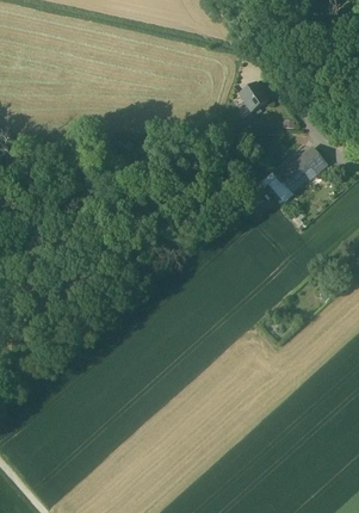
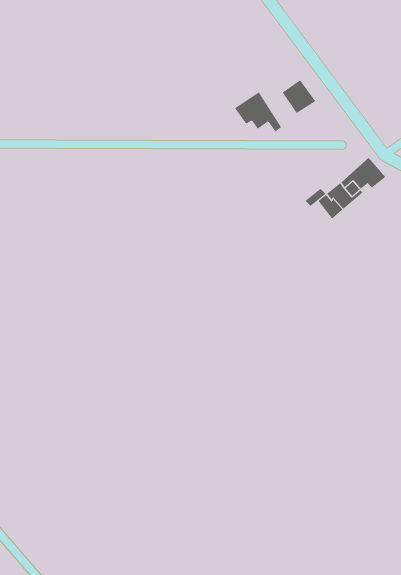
building: none -> [234,91,282,133]

